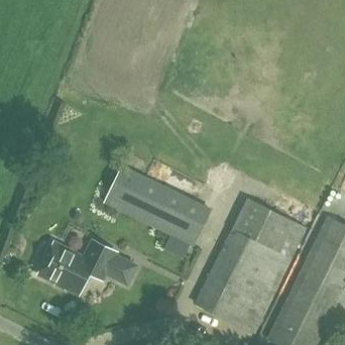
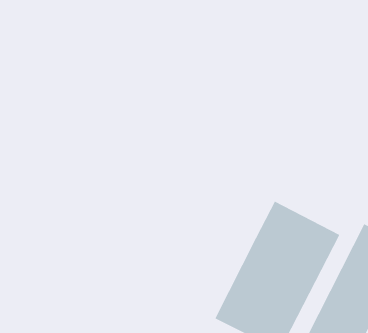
building: [104,163,210,245] -> none
building: [37,240,134,294] -> none

